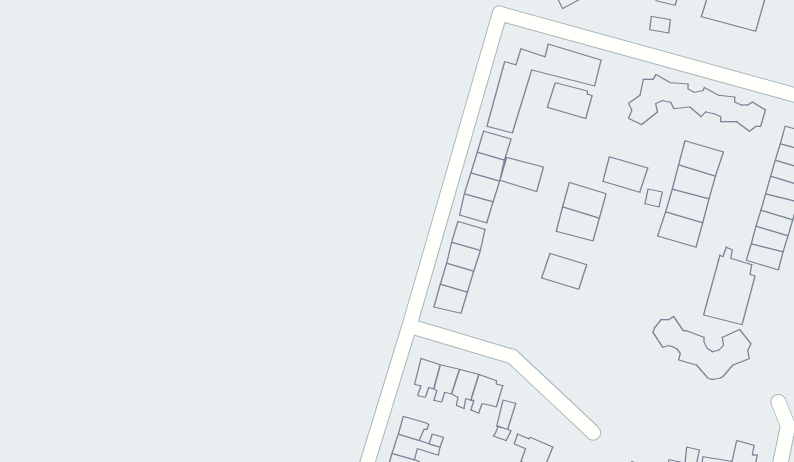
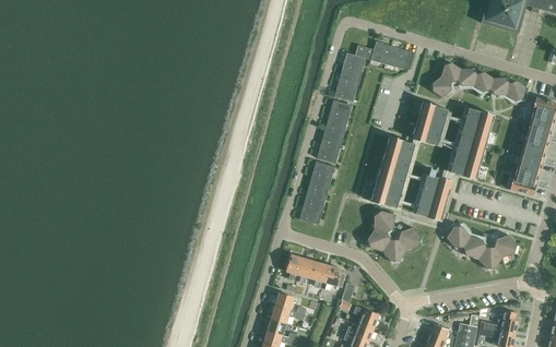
building: [547,83,592,118] -> [417,101,448,125]
building: [500,158,543,191] -> [377,168,406,191]
building: [704,247,755,324] -> [415,167,450,219]
building: none -> [364,211,419,261]

